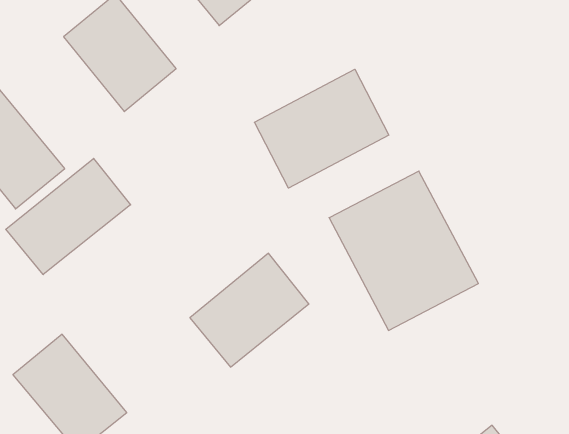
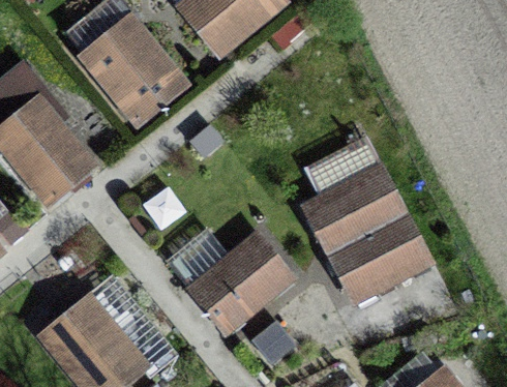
building: [254,69,389,188] -> none
building: [6,158,131,275] -> none

